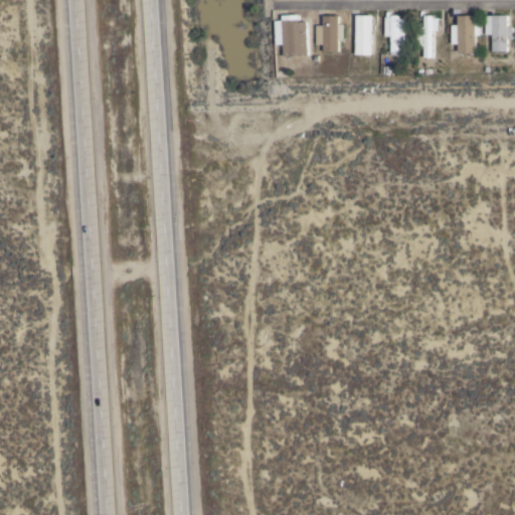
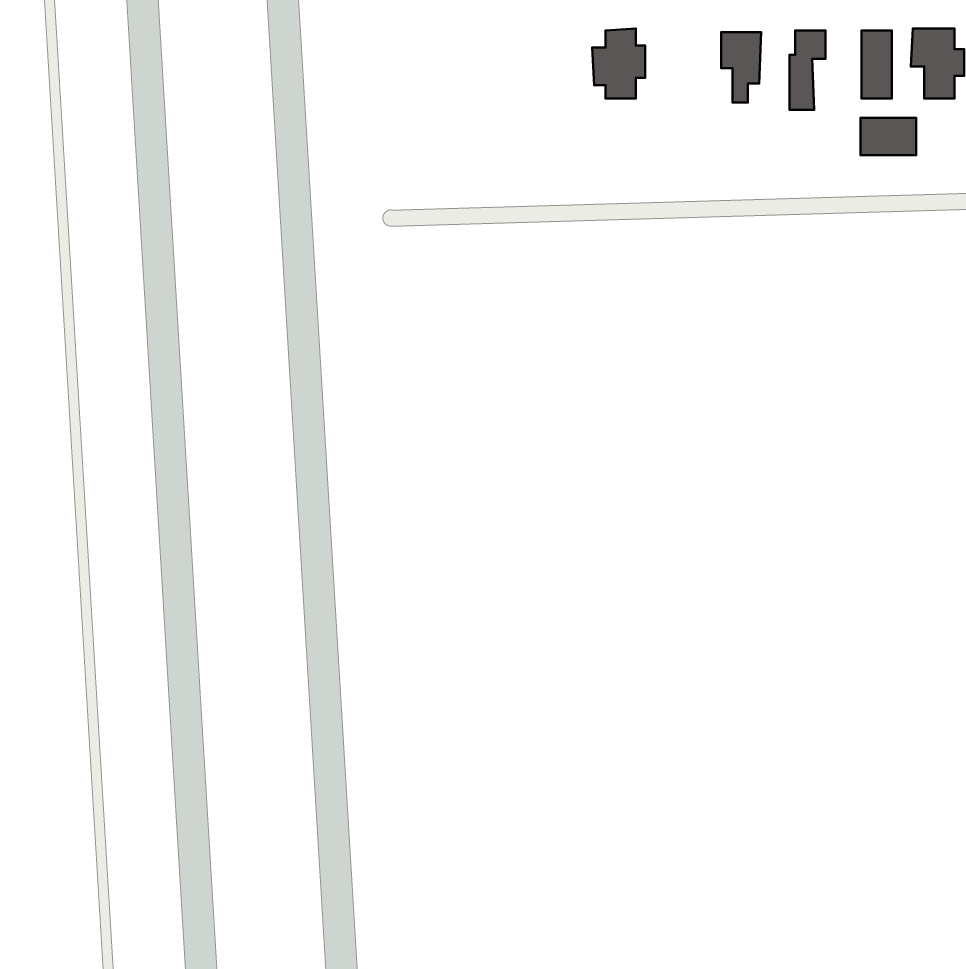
building: [354,15,373,55] -> none
building: [283,20,309,56] -> none
building: none -> [861,118,916,155]

